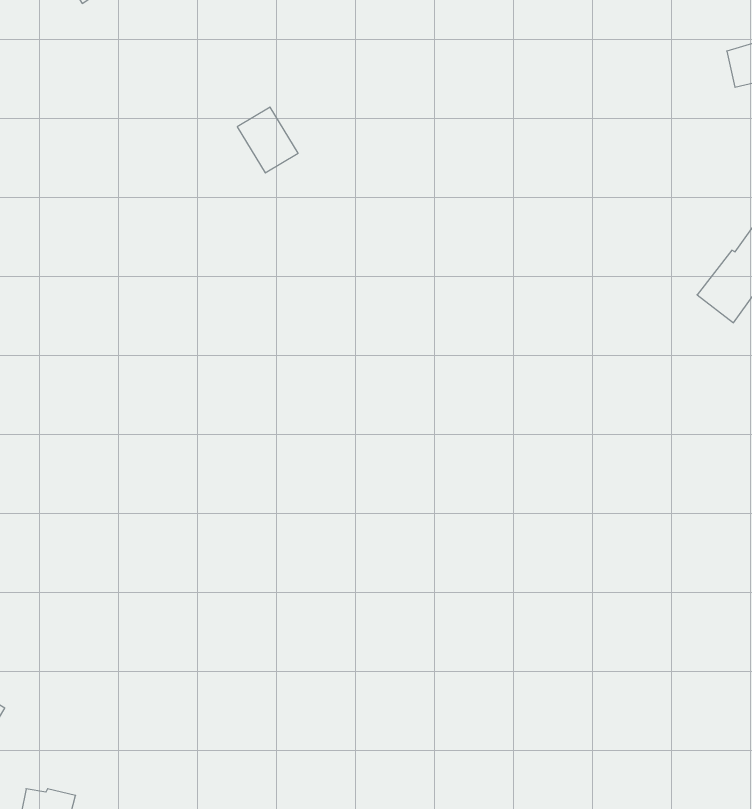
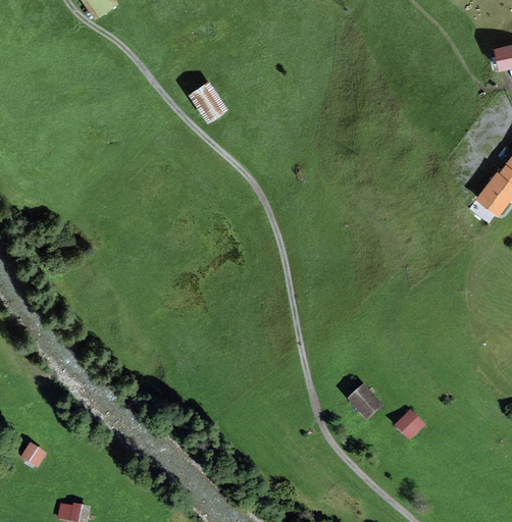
building: none -> [348,384,385,420]
building: none -> [395,409,426,440]

